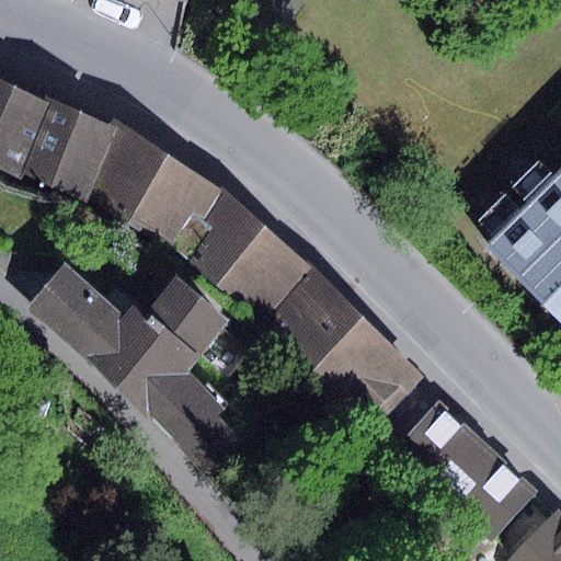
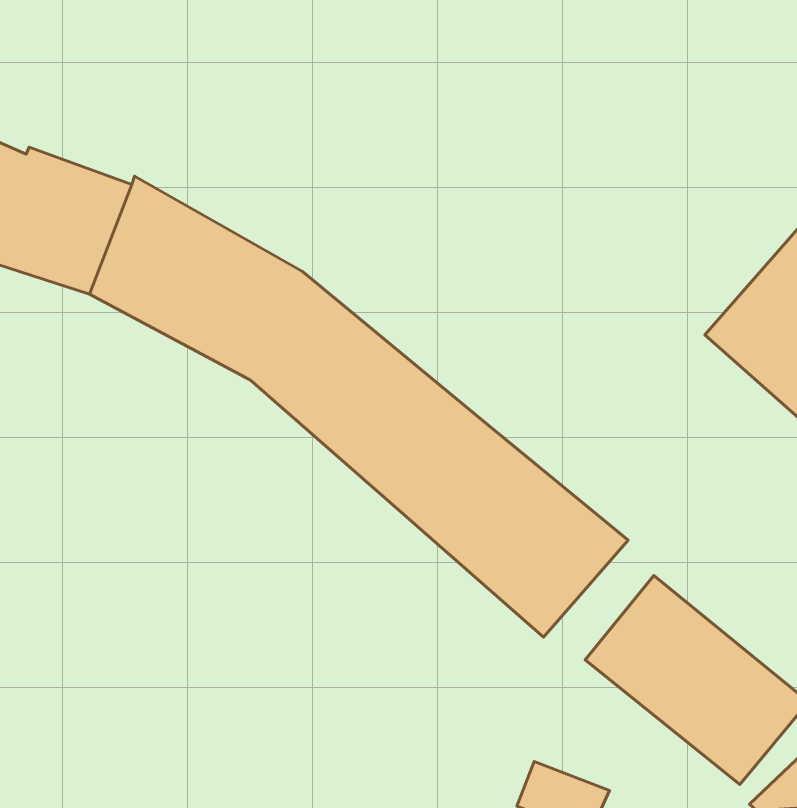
building: [43,243,255,458] -> none

